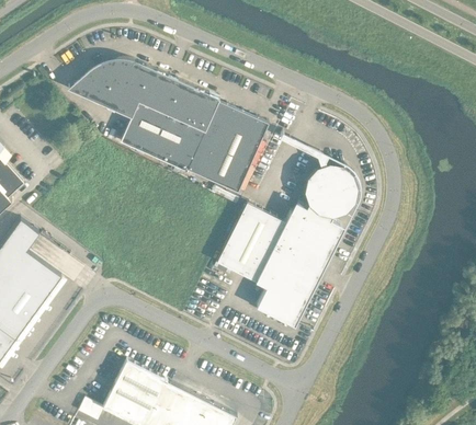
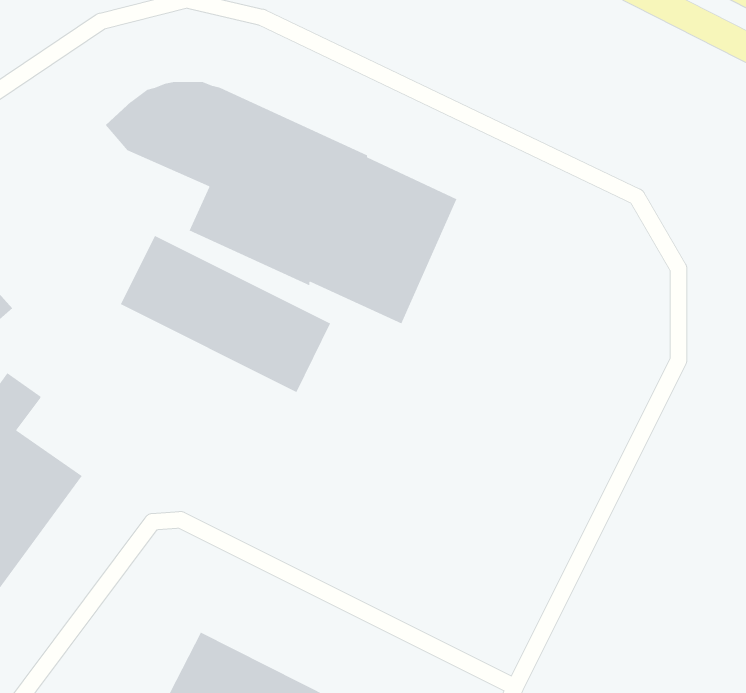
building: none -> [120,235,331,393]
building: [216,161,358,324] -> none

